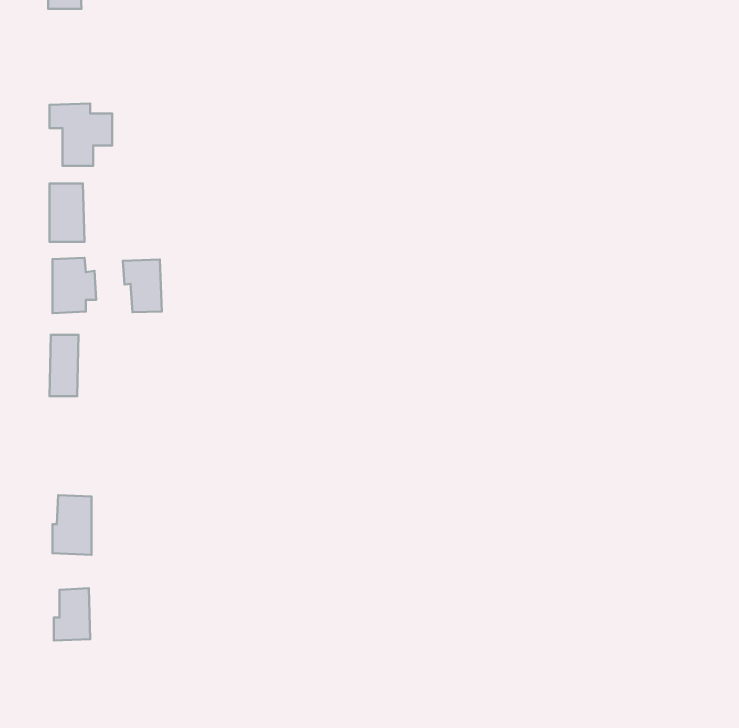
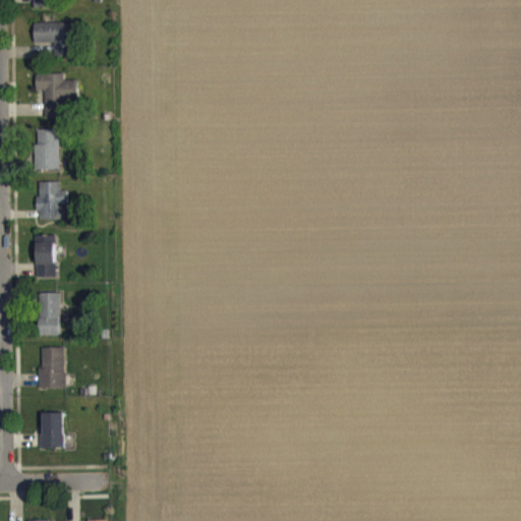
building: none -> [34,21,77,56]
building: [123,260,162,312] -> none
building: none -> [37,292,59,335]

